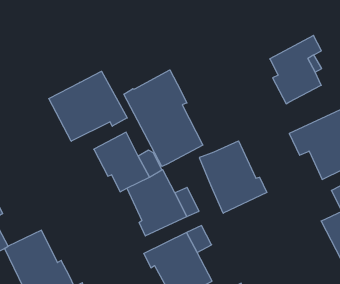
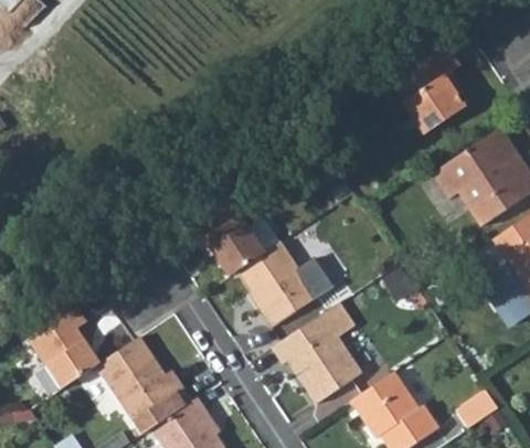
building: [124,70,203,166] -> none
building: [49,71,127,141] -> none
building: [199,141,267,213] -> none

